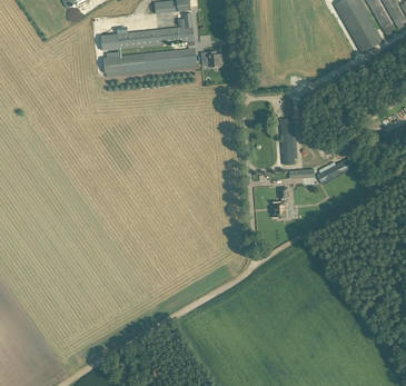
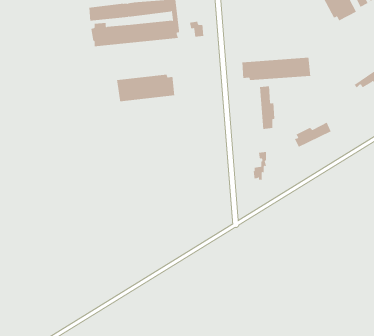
building: none -> [242,57,311,81]
building: none -> [117,74,175,102]

